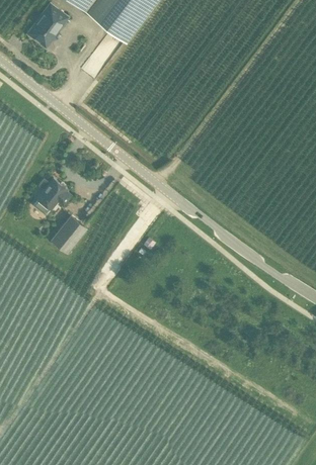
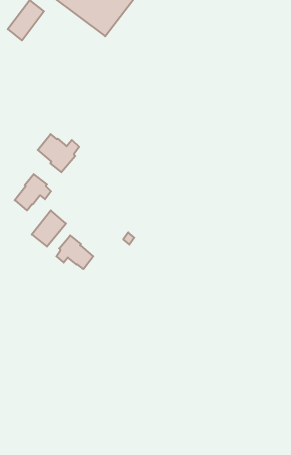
building: none -> [38,134,79,172]
building: none -> [56,235,93,269]

